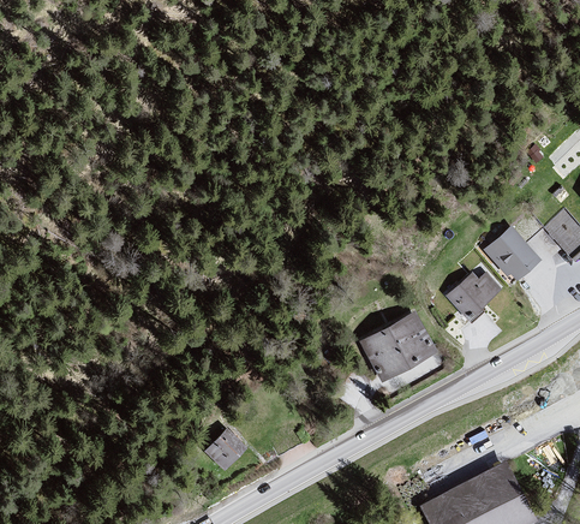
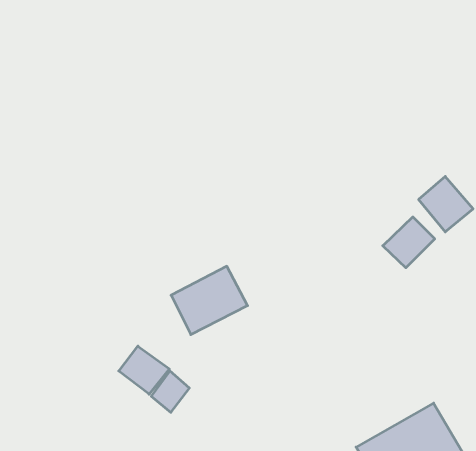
building: [359,311,438,382] -> [171,266,248,335]
building: none -> [119,346,169,394]

